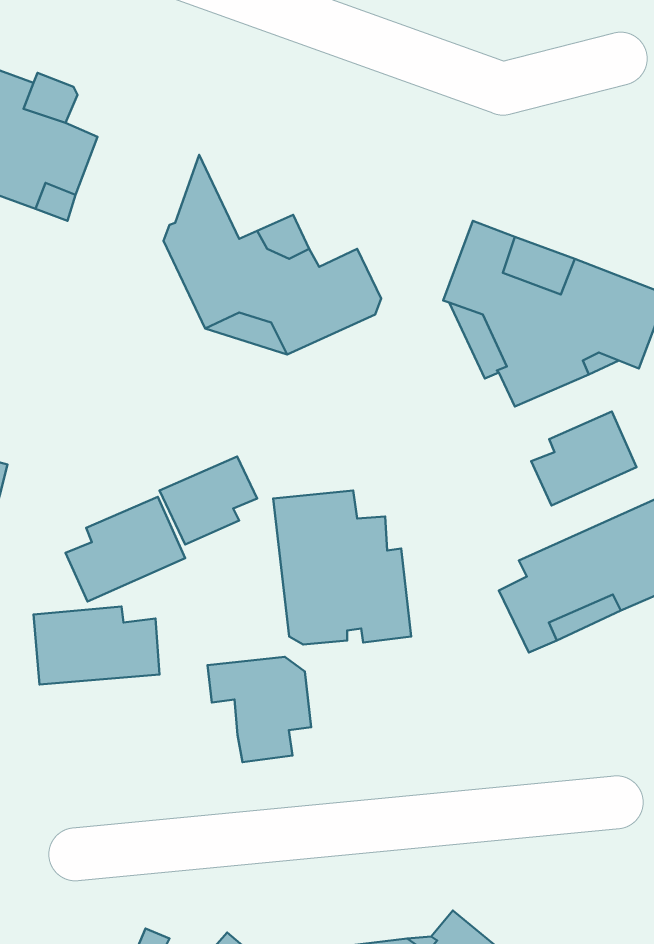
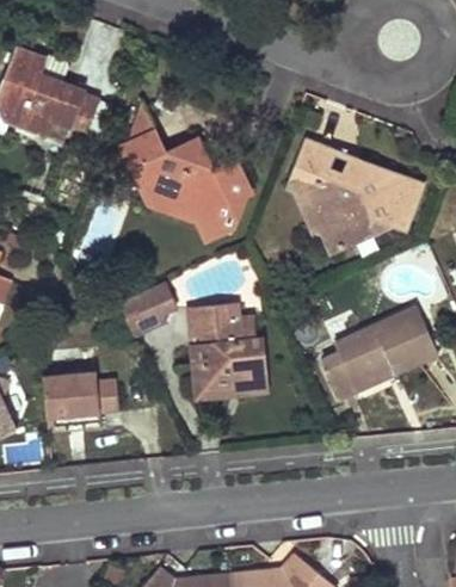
building: [531,412,637,505] -> none
building: [65,497,185,601] -> none
building: [208,657,311,762] -> none

